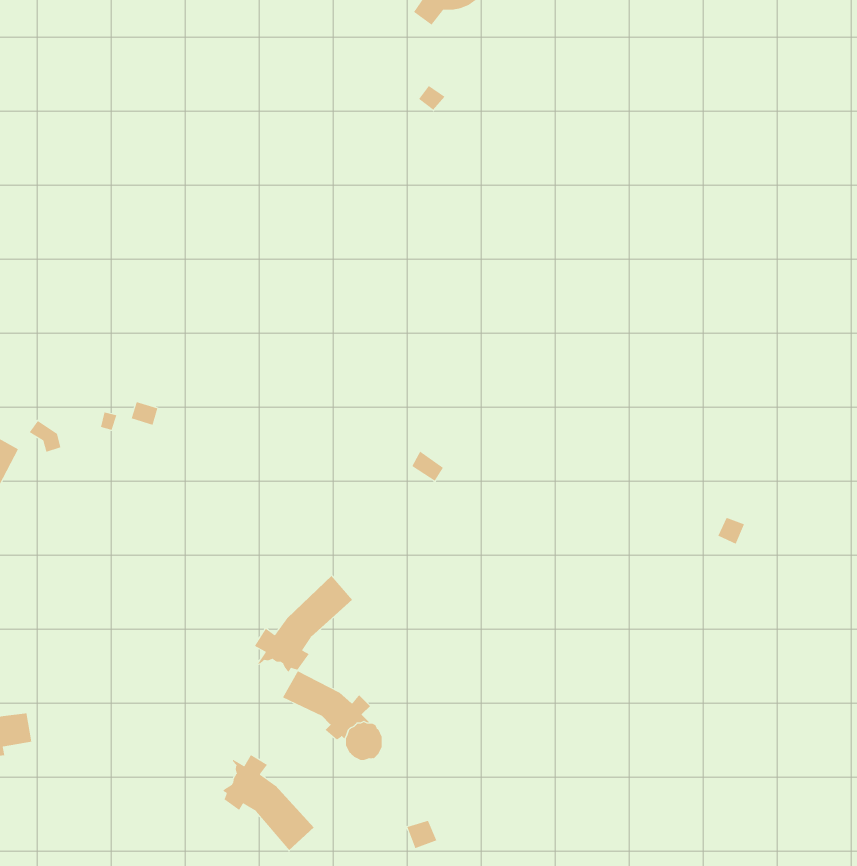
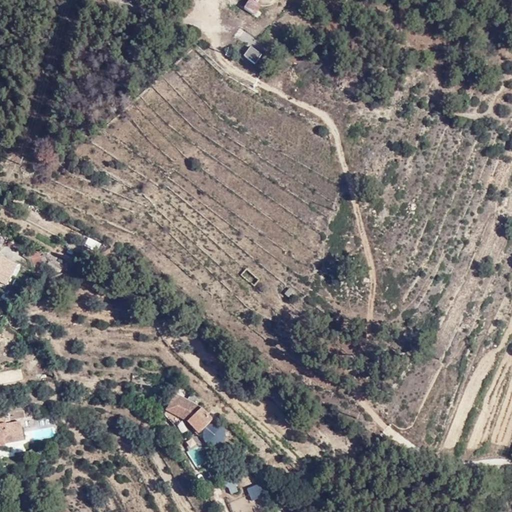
building: [254,575,353,674] -> none
building: [221,754,314,851] -> none

